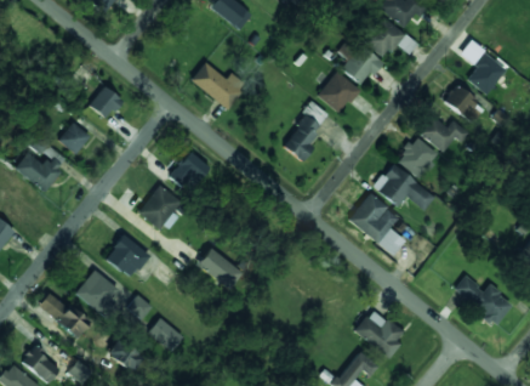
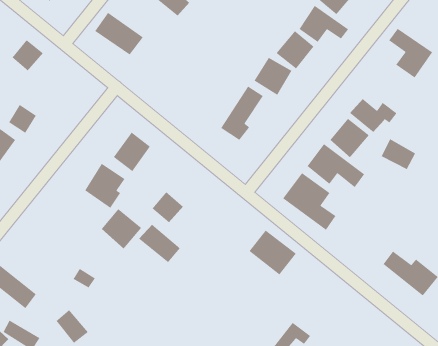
building: [190,61,243,107] -> [94,12,144,56]
building: [89,85,122,119] -> [12,39,44,71]
building: [445,85,483,119] -> [381,138,416,170]
building: none -> [151,191,184,223]
building: [106,234,149,278] -> [101,208,142,250]
building: [75,269,118,312] -> none
building: [354,308,405,357] -> [248,229,297,275]
building: [148,317,183,351] -> none

